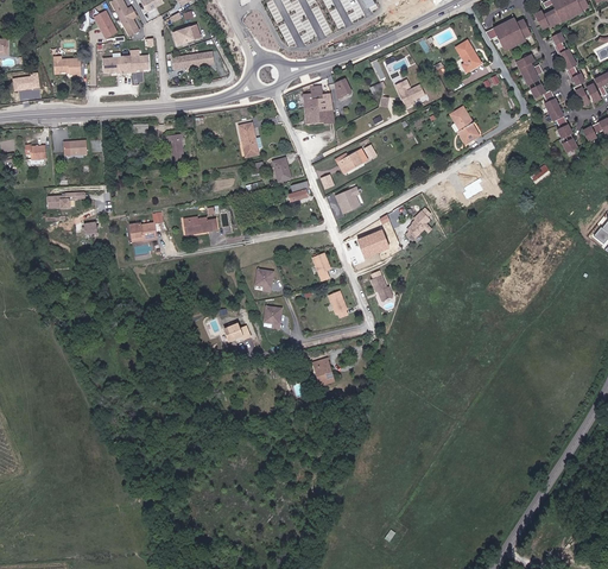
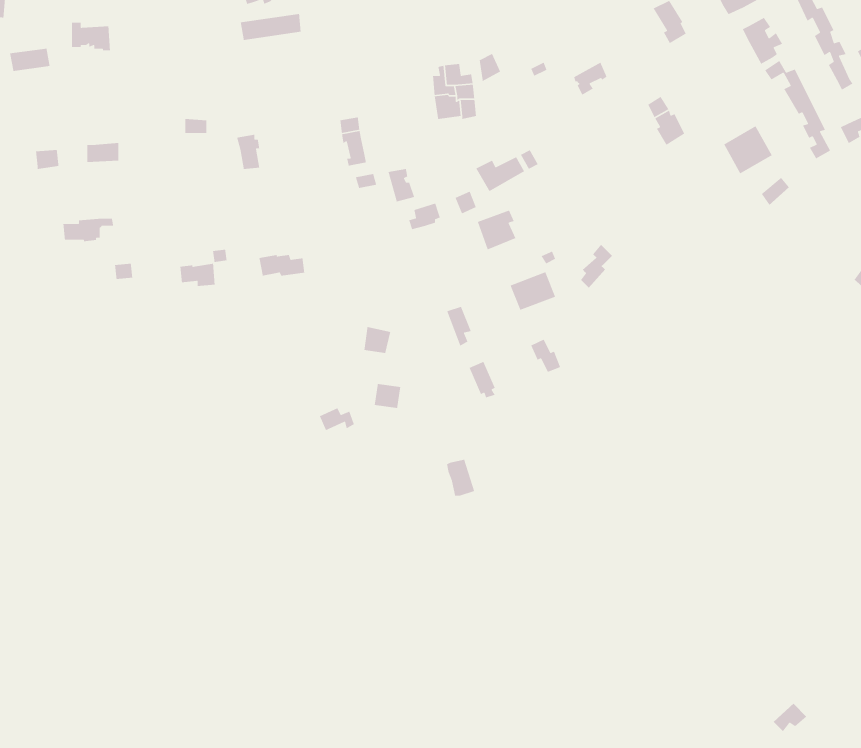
building: [102,50,148,74] -> none
building: none -> [723,125,773,175]

